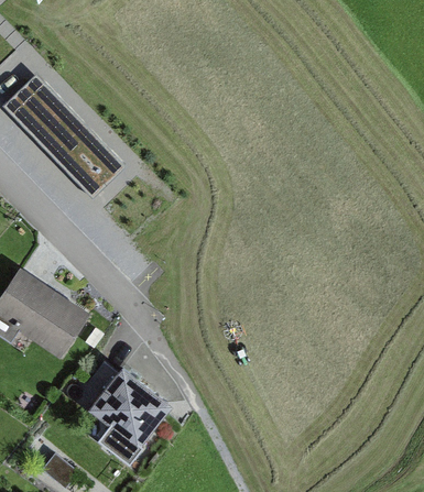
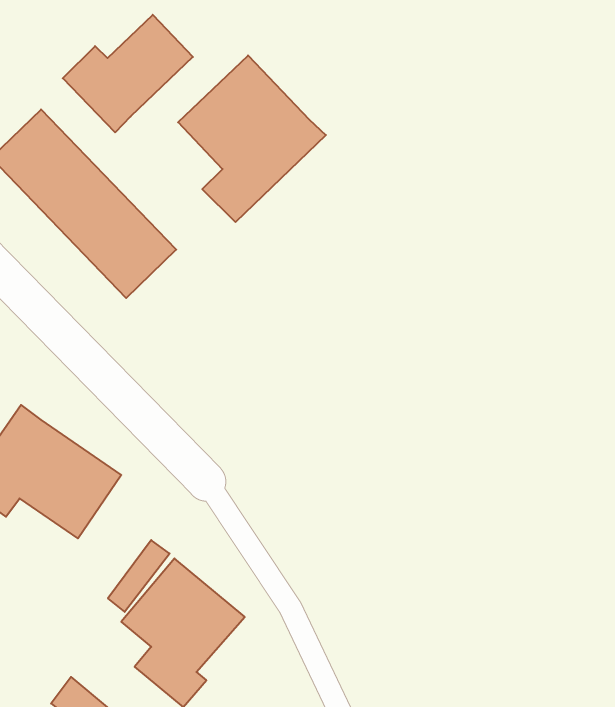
building: none -> [63,15,193,132]
building: none -> [178,55,326,222]

